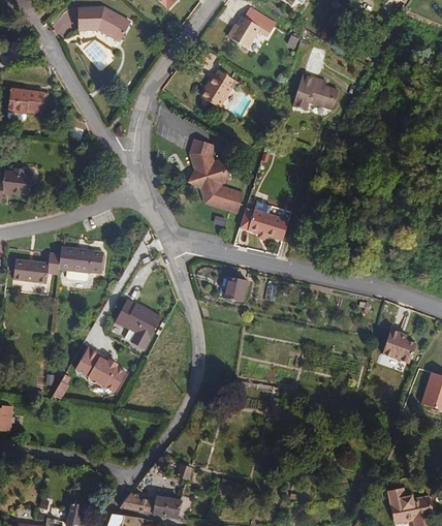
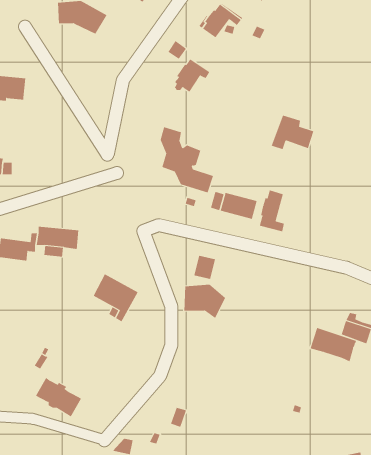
building: [292,71,339,109] -> [271,115,314,150]
building: none -> [259,190,284,232]
building: none -> [184,284,226,319]
building: [76,349,126,392] -> [35,377,82,417]
building: none -> [310,327,357,362]

